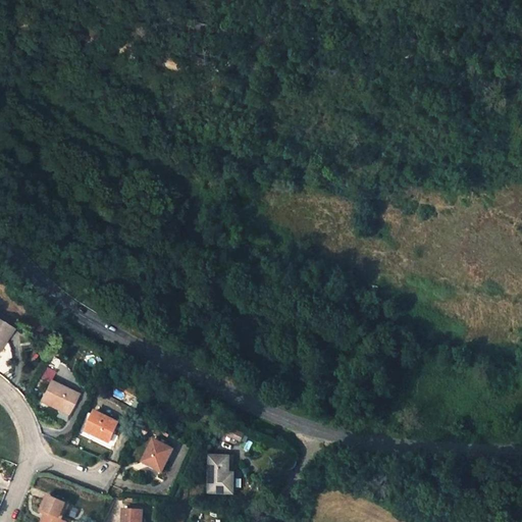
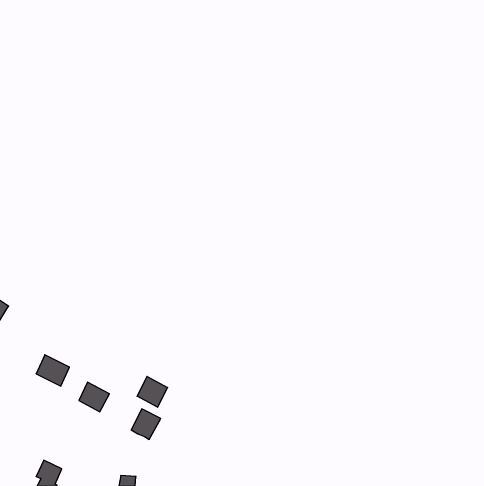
building: none -> [137,376,168,407]
building: [207,456,232,492] -> none

